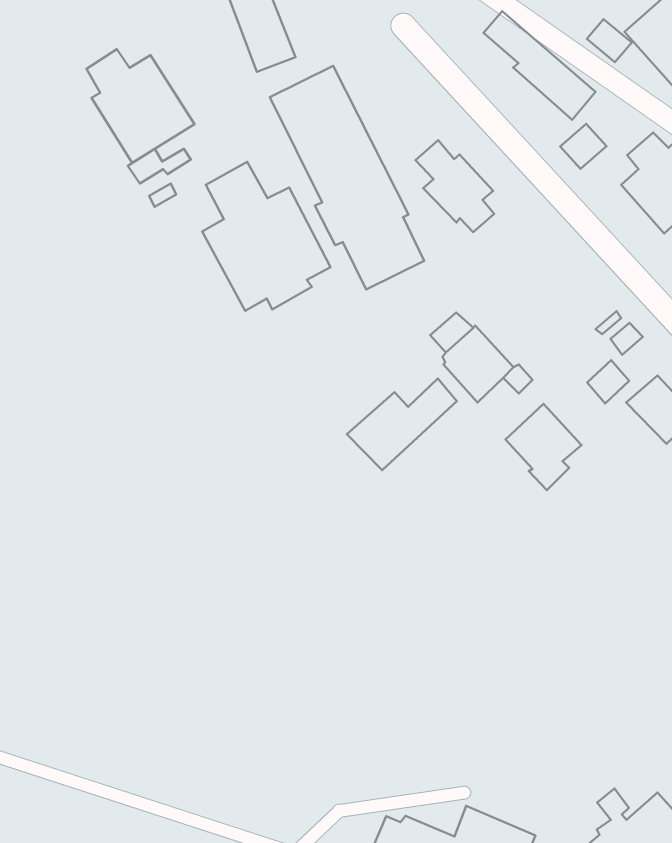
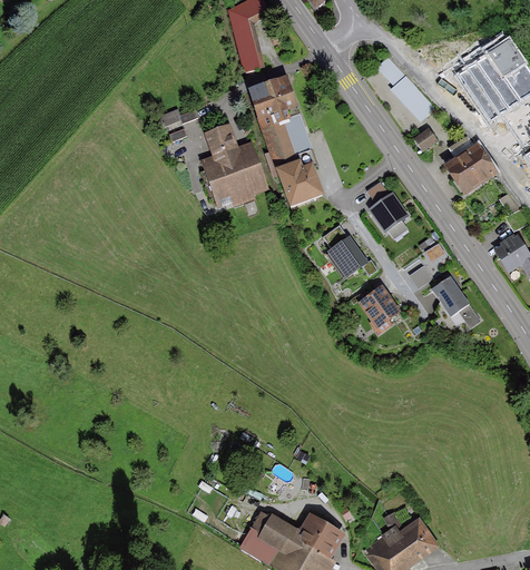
building: [87,49,195,163] -> none
building: [416,140,494,232] -> [366,183,409,238]
building: [347,378,457,470] -> none

